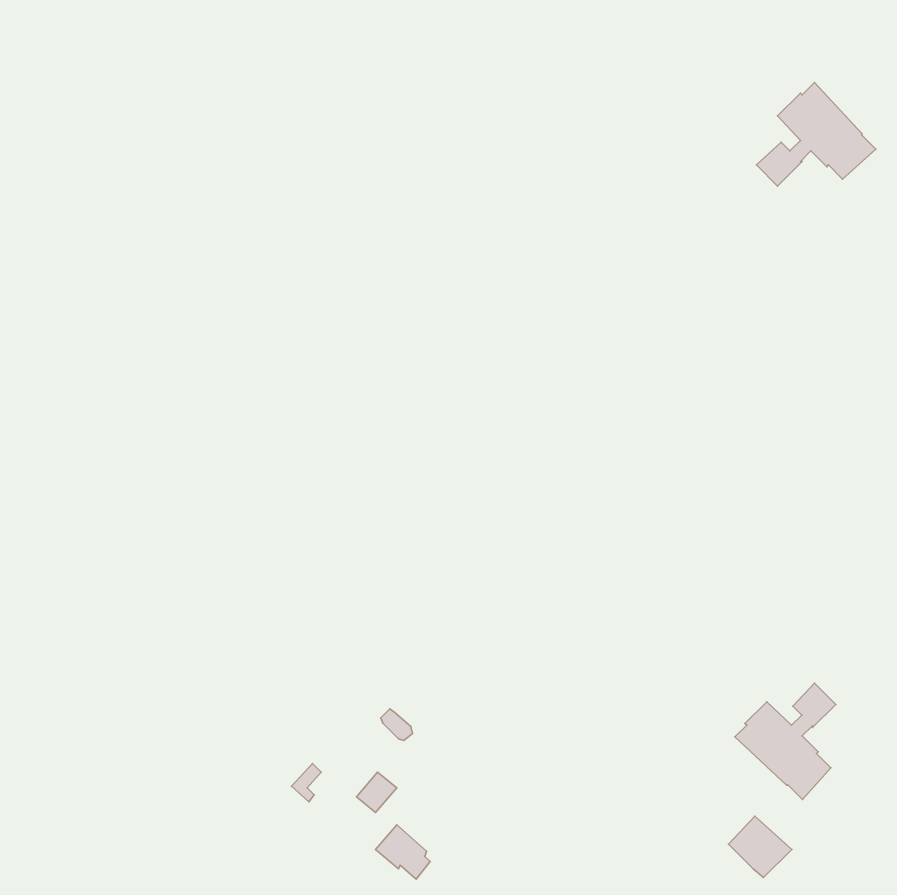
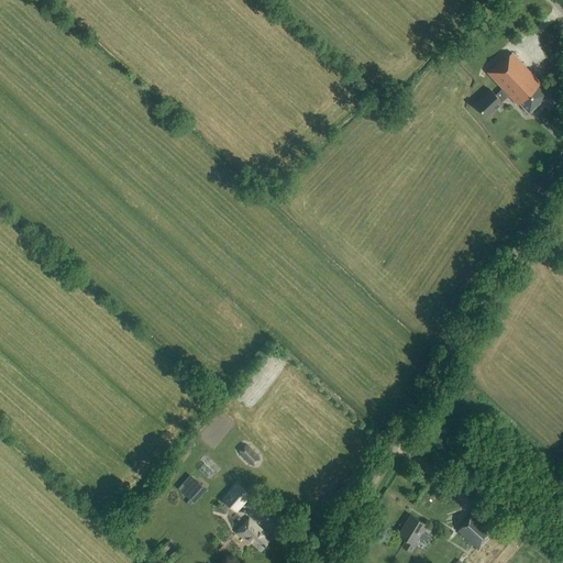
building: [735,683,836,800] -> none
building: none -> [398,514,428,552]

